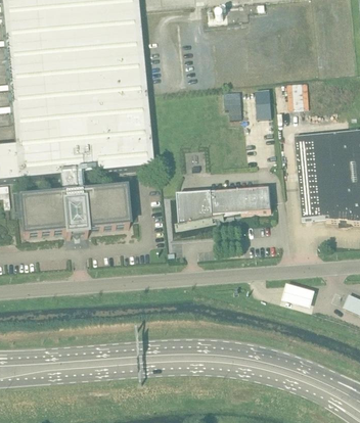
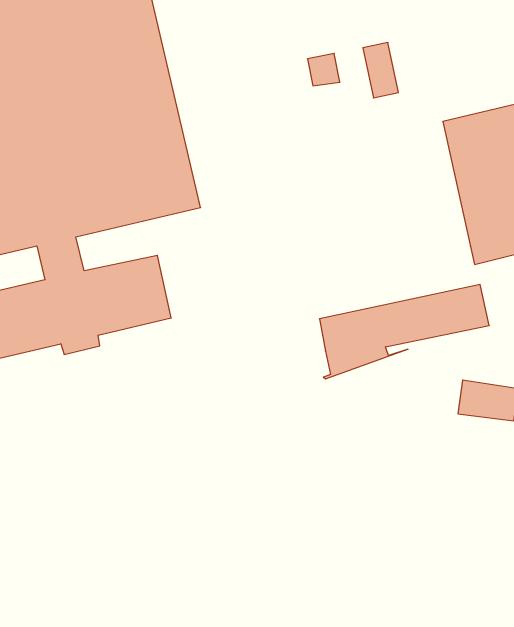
building: [175,186,271,227] -> [319,284,489,379]

